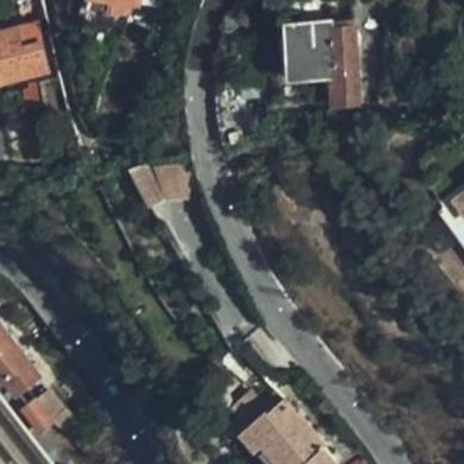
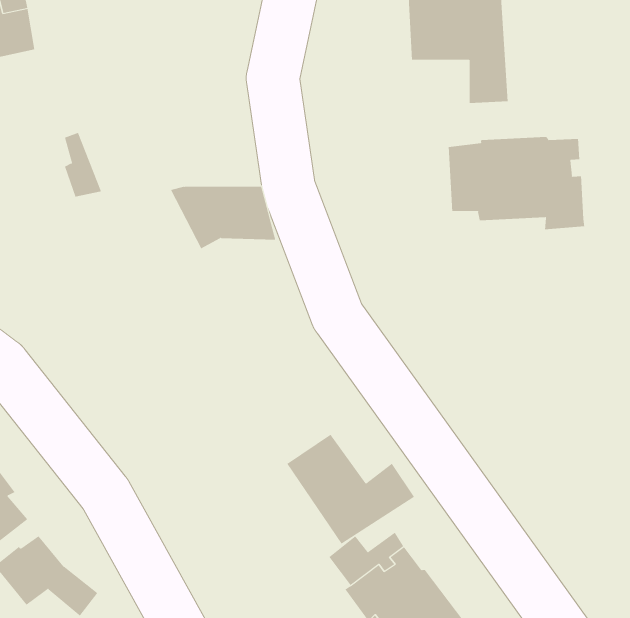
building: none -> [448,136,585,230]
building: none -> [286,434,415,544]

